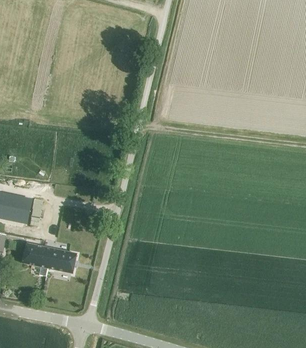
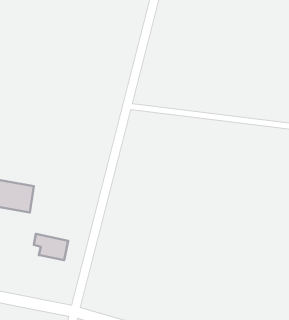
building: [23,244,49,276] -> none

